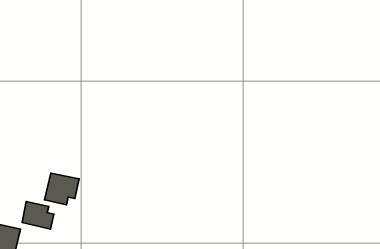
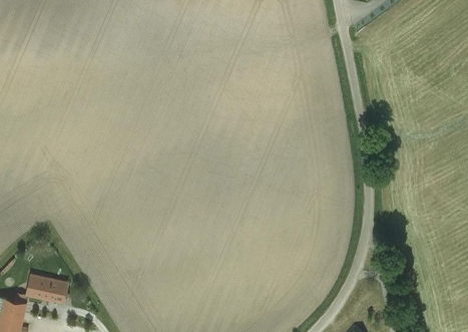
building: [44,173,79,205] -> none

